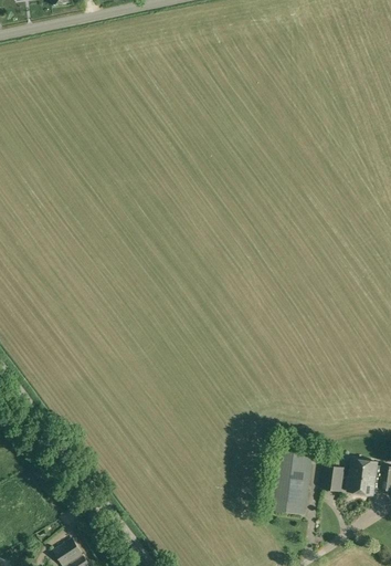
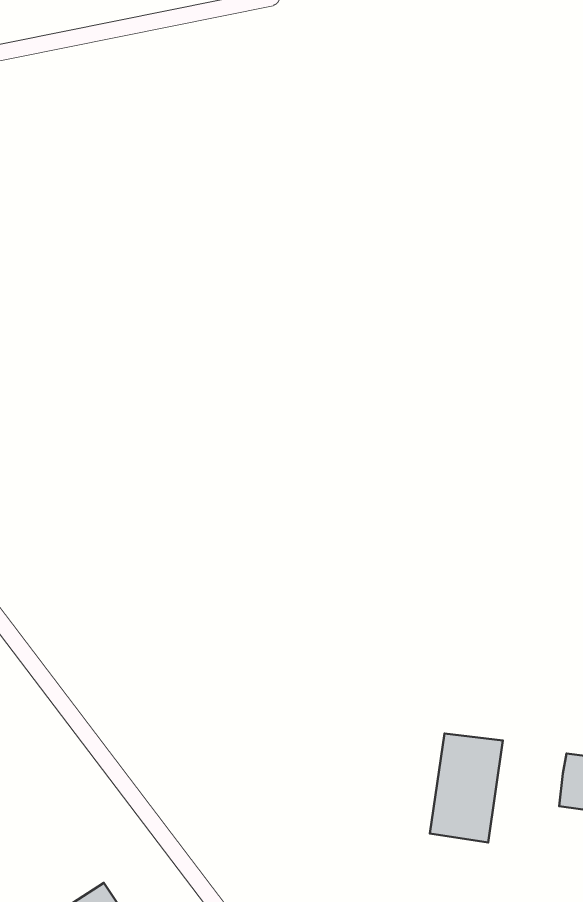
building: [324,467,346,492] -> none

